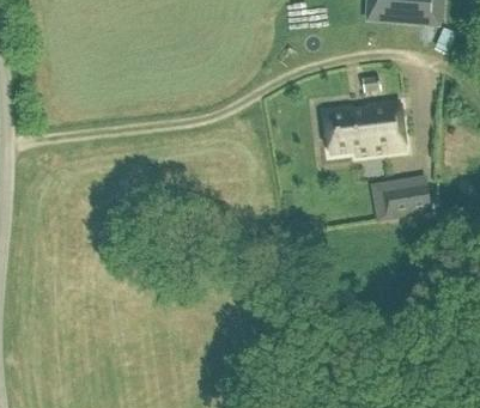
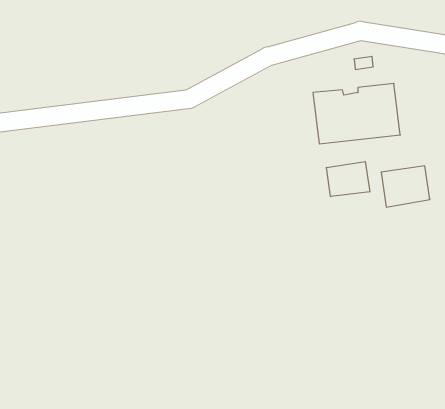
building: none -> [326,162,370,197]

